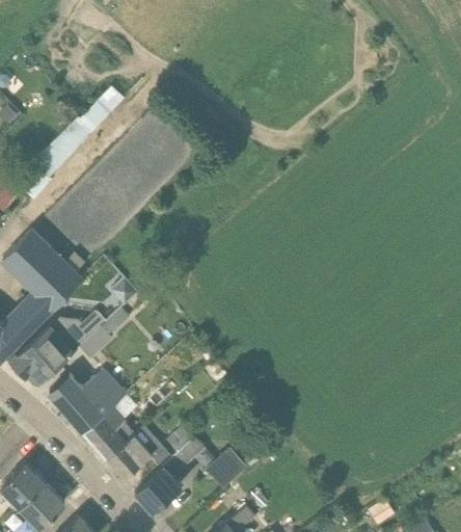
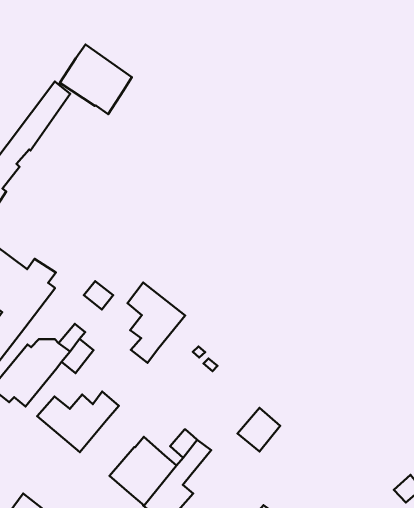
building: none -> [60,45,132,114]
building: none -> [127,282,185,363]
building: [82,406,133,458] -> none
building: [205,449,245,489] -> [238,408,280,452]

